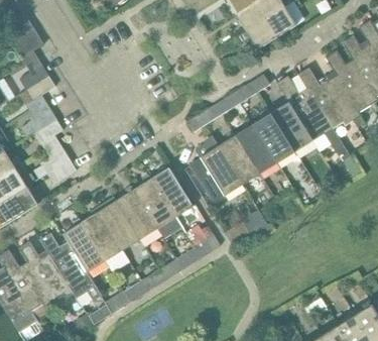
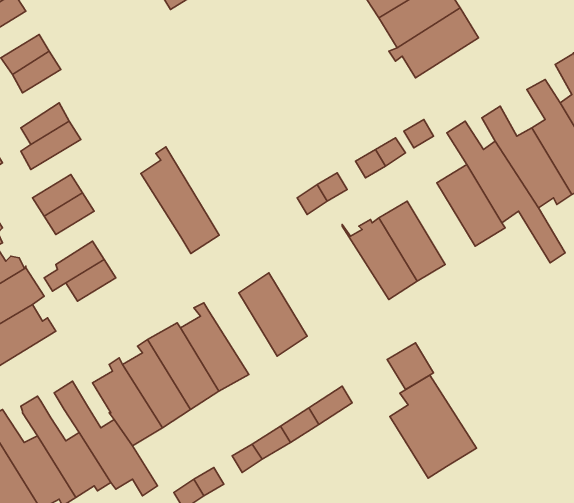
building: [253,112,294,161] -> none
building: [190,138,242,201] -> [390,375,476,478]
building: [133,174,180,238] -> [141,147,219,253]

